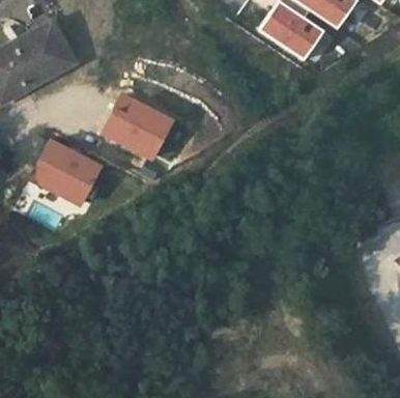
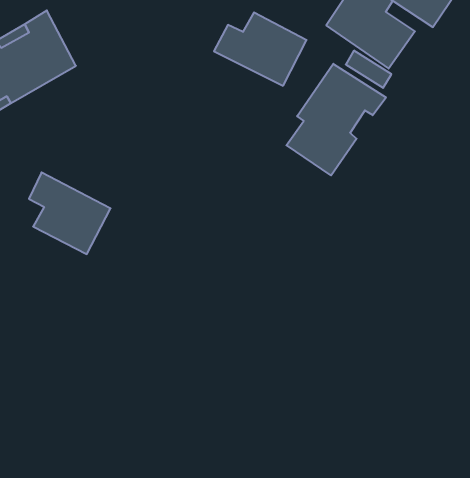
building: none -> [286,64,386,175]
building: [98,102,168,157] -> [214,12,307,86]

